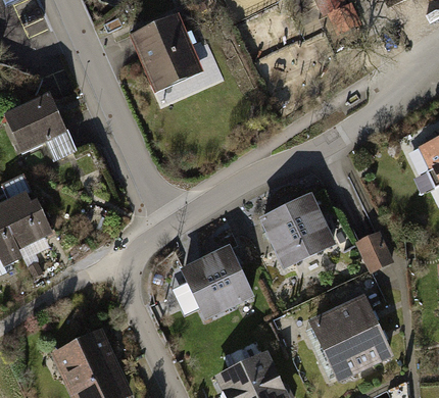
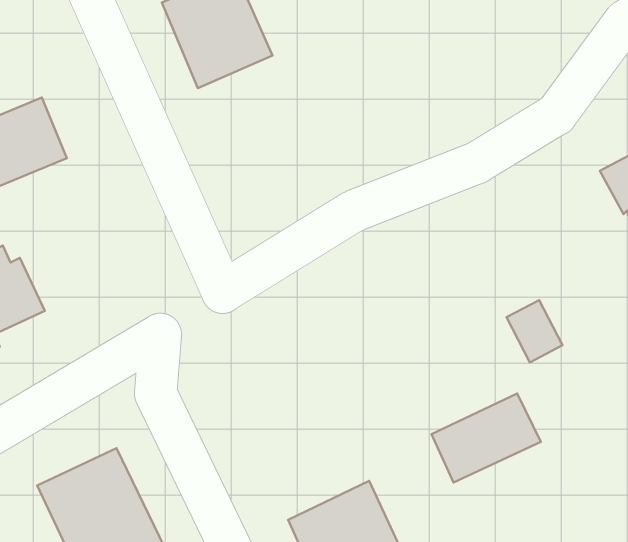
building: [257,189,335,266] -> none
building: [179,241,254,317] -> none
building: [322,322,393,380] -> none

